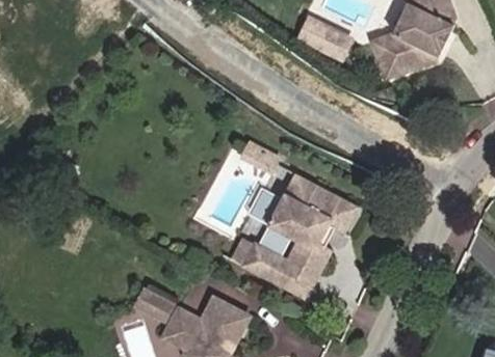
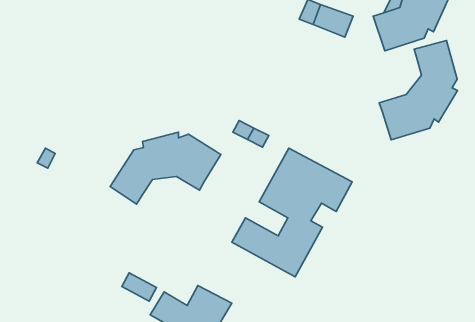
building: none -> [379,41,457,140]
building: none -> [110,132,221,204]

